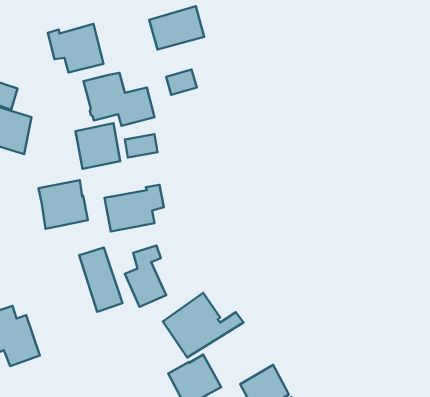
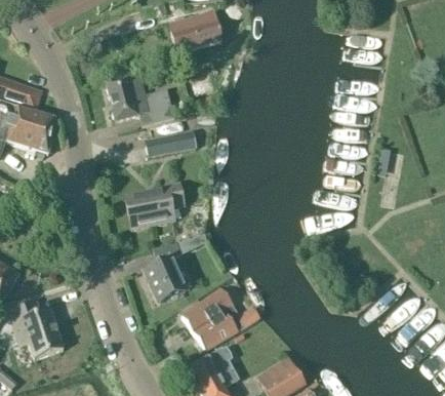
building: [48,24,104,73] -> none
building: [76,123,120,169] -> none
building: [39,180,88,229] -> none
building: [79,247,122,312] -> none

